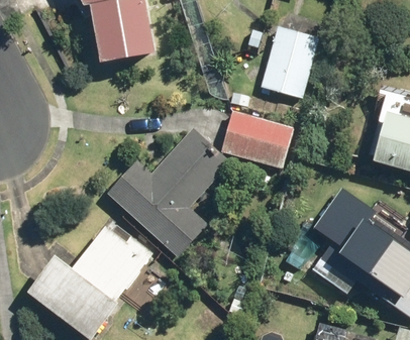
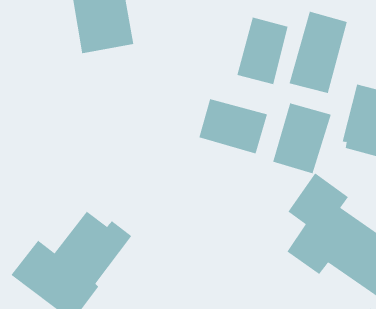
building: none -> [289,11,347,94]
building: none -> [272,102,331,174]
building: [107,127,230,256] -> none

